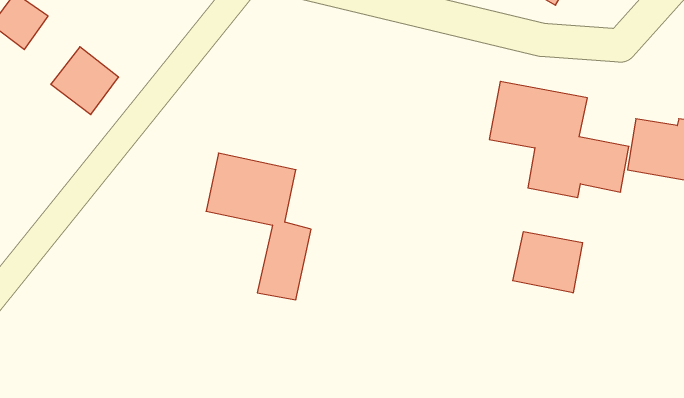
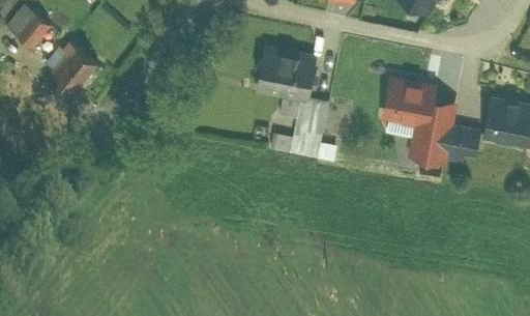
building: [206,153,311,300] -> [252,47,330,156]
building: [513,232,583,293] -> none

